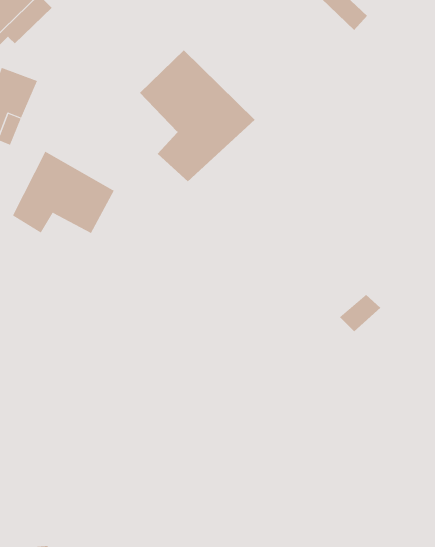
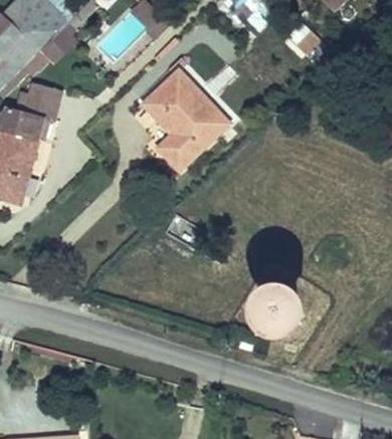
building: [12,151,115,234] -> none
building: none -> [245,285,296,335]

